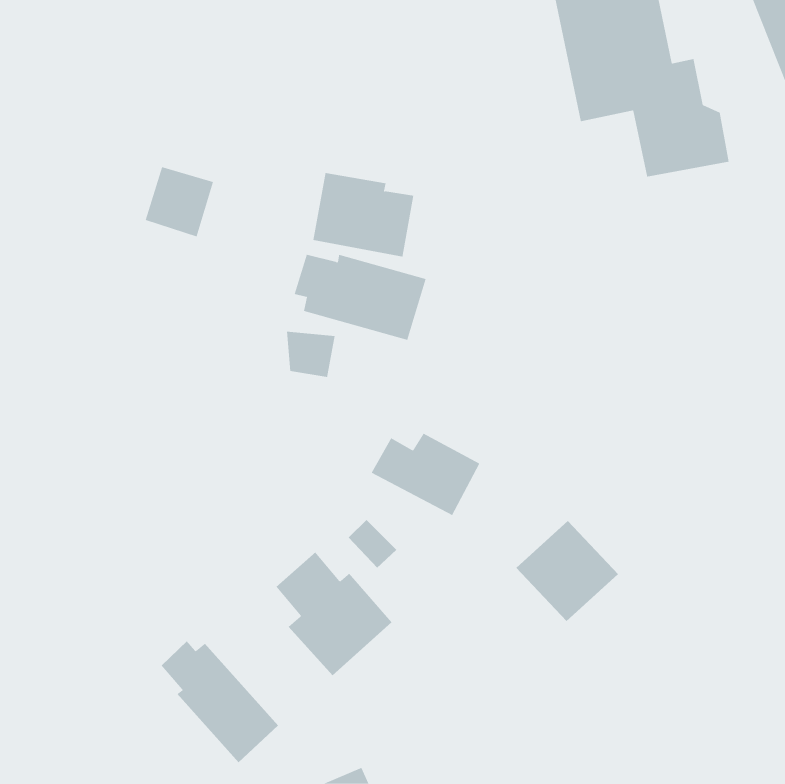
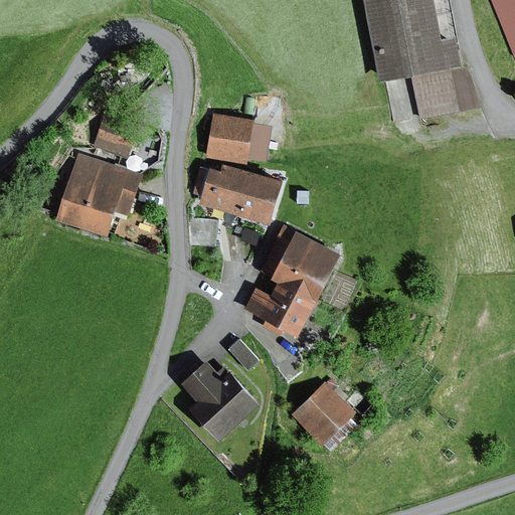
building: none -> [57,153,141,233]
building: none -> [261,226,340,303]
building: [516,520,619,622] -> [292,381,359,448]
building: [161,641,279,763] -> none

